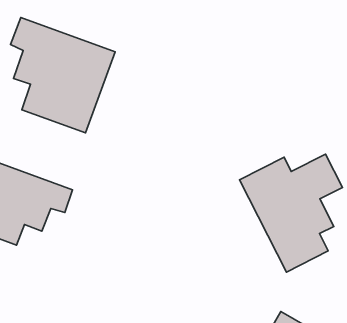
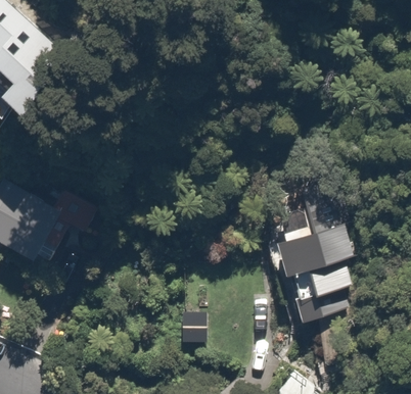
building: [10,17,115,133] -> none

